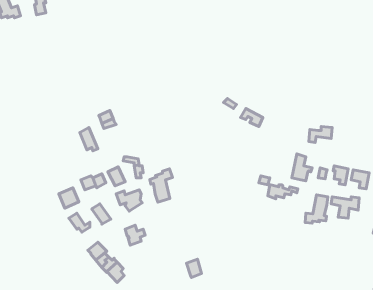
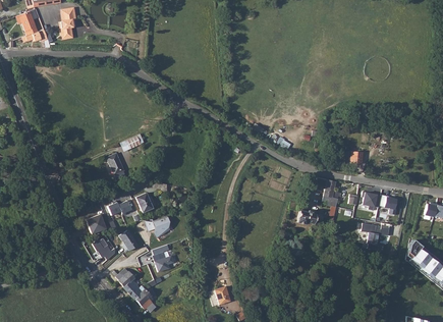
building: [150,169,173,202] -> none
building: [305,195,328,223] -> none

